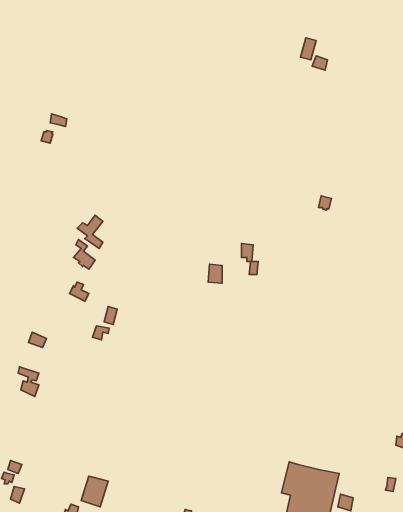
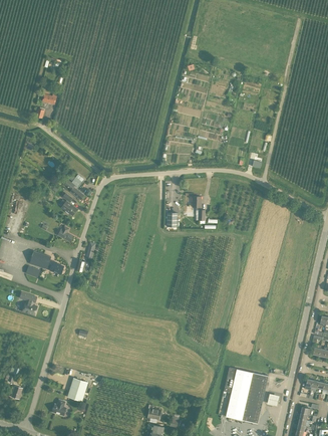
building: none -> [28,250,63,274]

